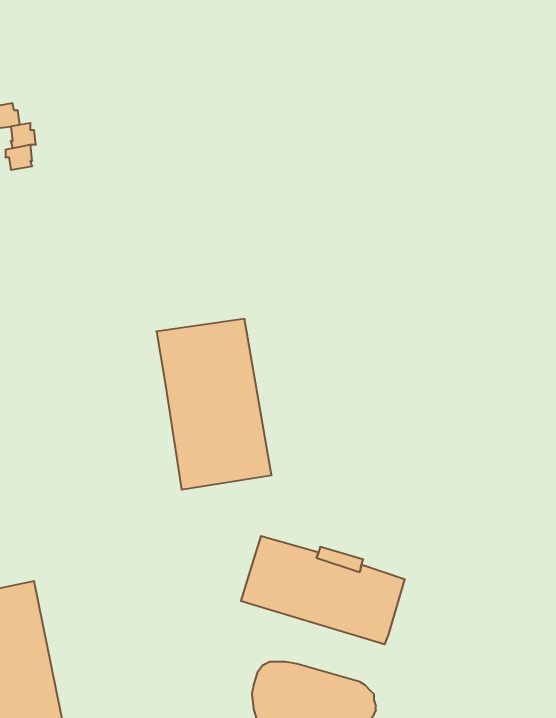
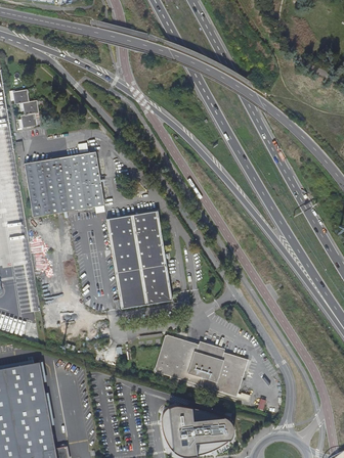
building: none -> [25,151,104,216]

